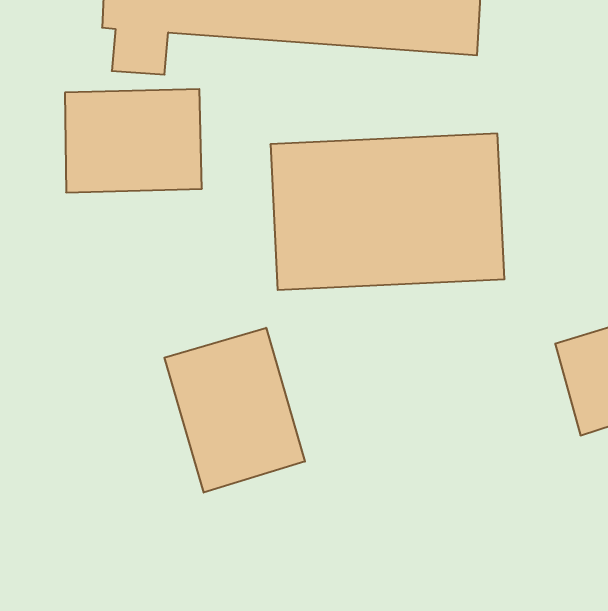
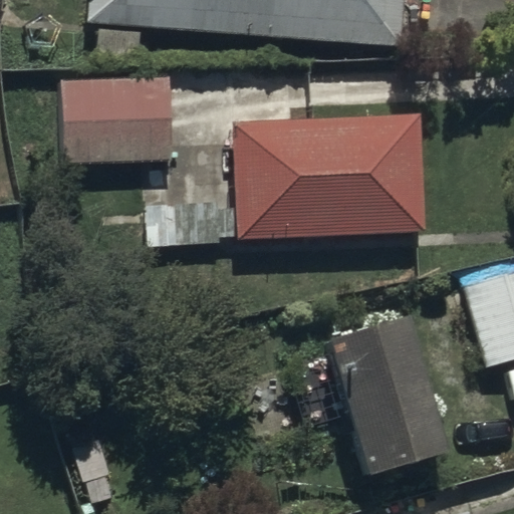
building: [164,328,305,493] -> none
building: none -> [288,318,447,475]

